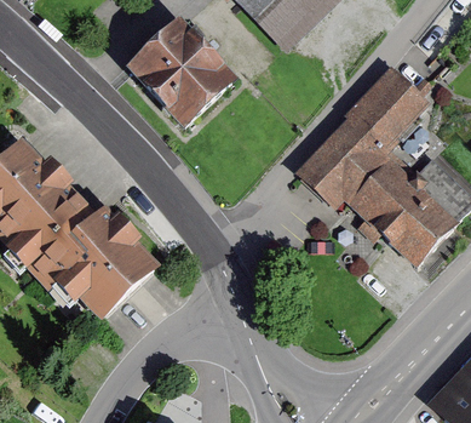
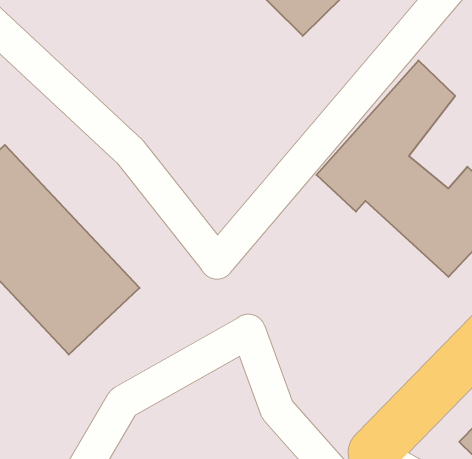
building: [119,19,226,127] -> none

